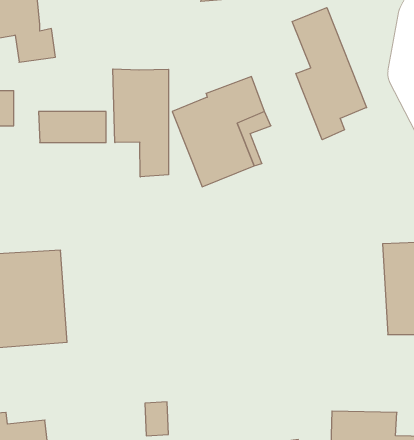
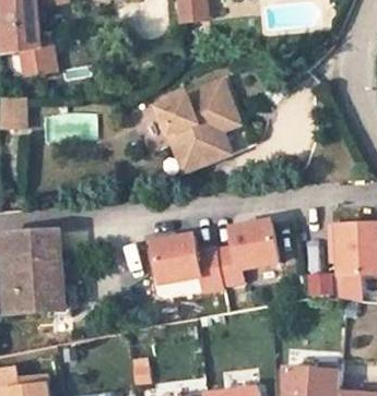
building: [292,8,367,140] -> none
building: [113,69,168,177] -> none
building: none -> [151,221,279,290]

